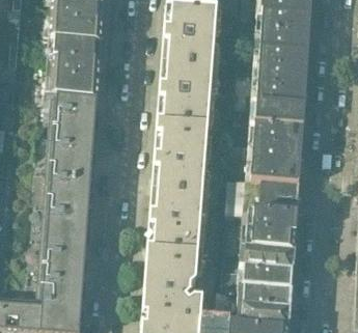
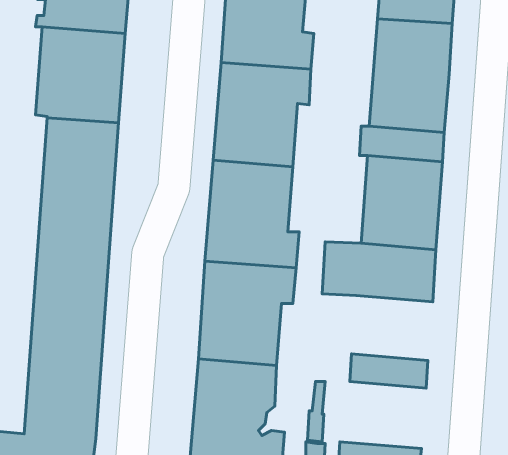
building: [245,214,297,255] -> none
building: [238,269,293,311] -> none

